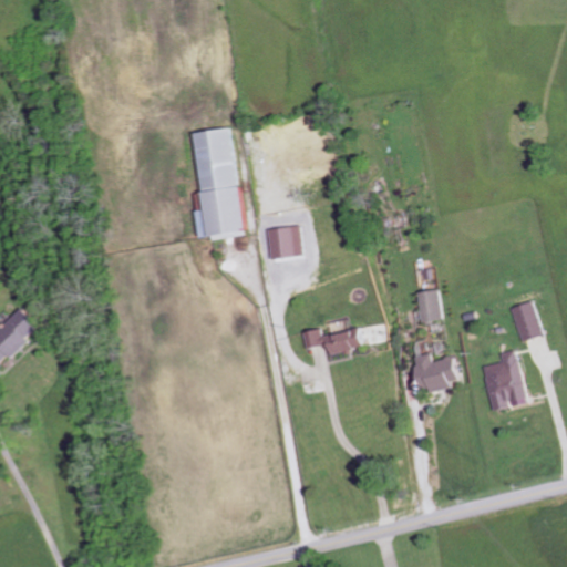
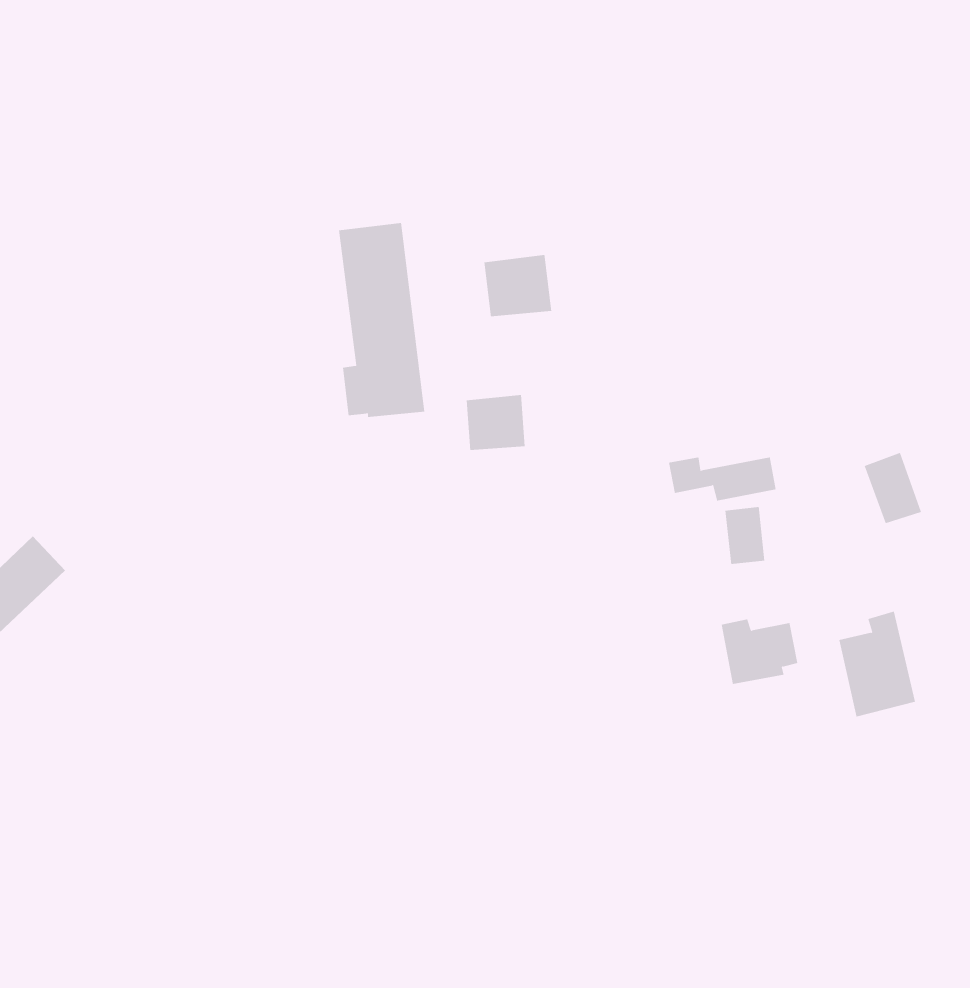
building: none -> [484,254,552,317]
building: [507,301,540,342] -> [864,452,922,524]
building: [300,329,362,354] -> [668,457,776,501]

